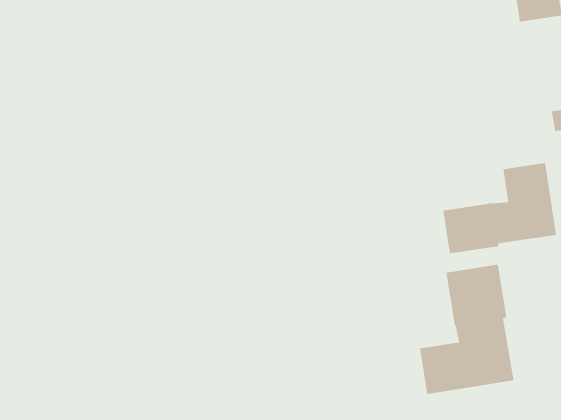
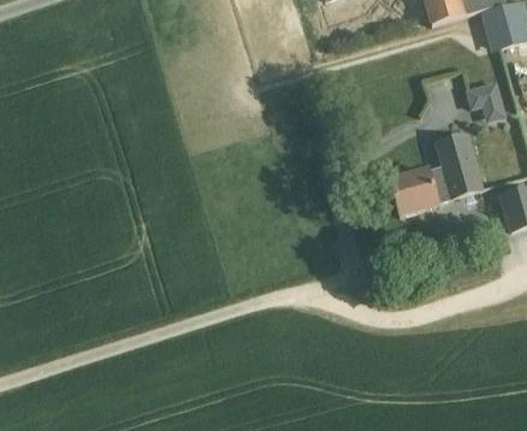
building: [419,264,514,395] -> none

